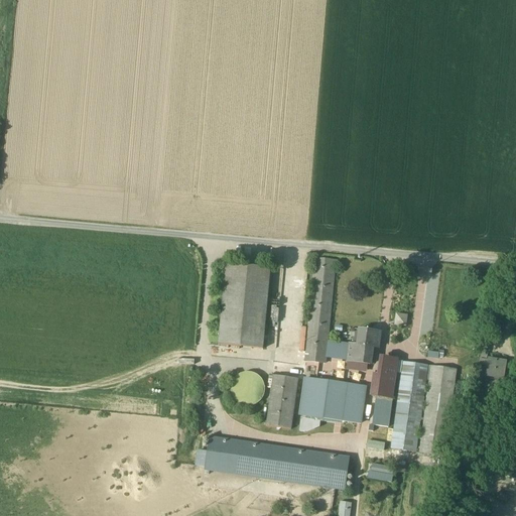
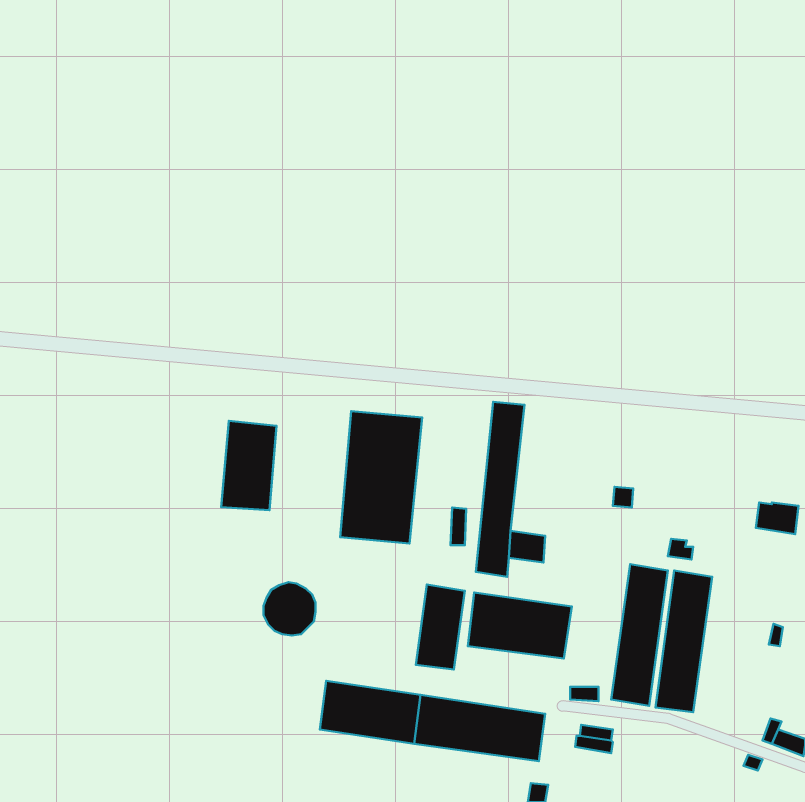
building: none -> [221,421,277,510]
building: [347,329,380,364] -> none
building: [371,358,396,426] -> none
building: [478,358,505,378] -> [756,503,798,534]
building: [231,371,264,405] -> [263,582,315,636]

